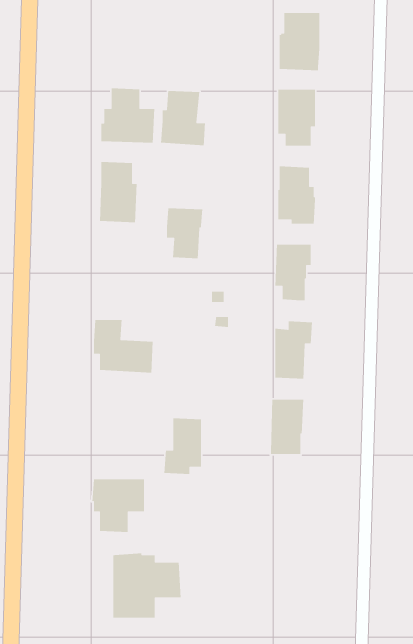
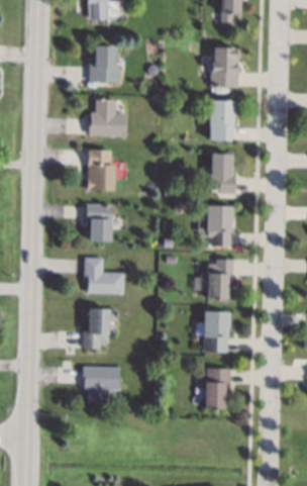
building: [160,90,206,146] -> [90,44,121,83]
building: [166,208,203,259] -> [87,205,112,240]
building: [164,417,202,475] -> [83,309,109,349]
building: none -> [205,369,231,410]
building: [112,553,181,618] -> none

